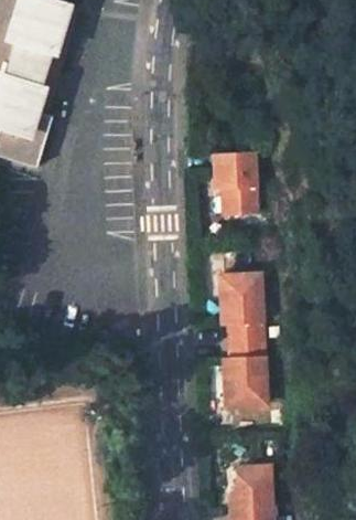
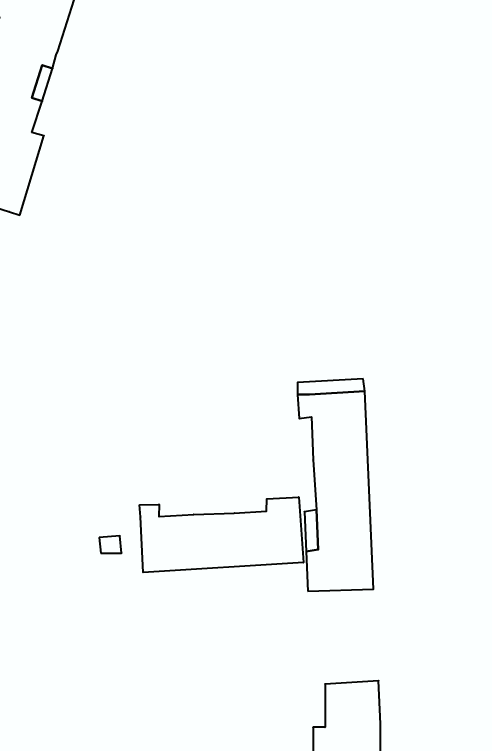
building: [211,150,256,215] -> none
building: none -> [140,497,303,572]

